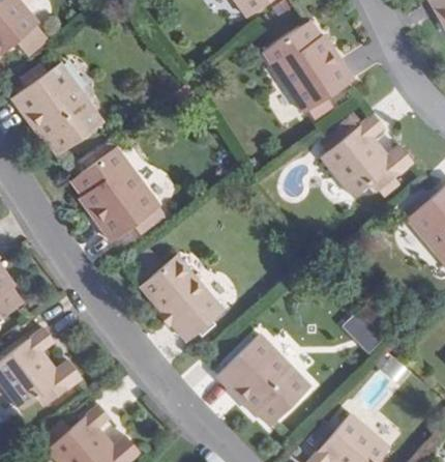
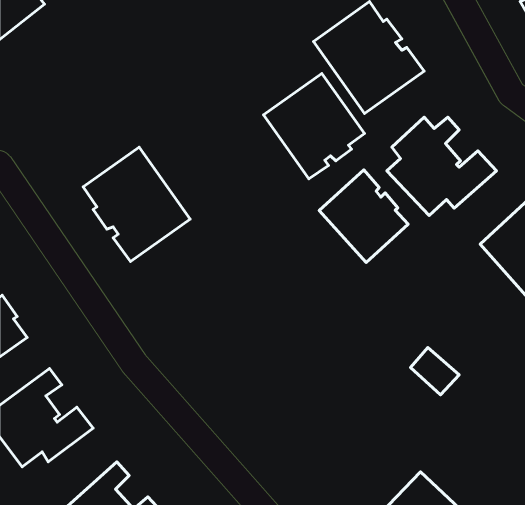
building: [13,61,105,154] -> none
building: none -> [263,73,364,179]
building: none -> [319,170,408,262]
building: [141,255,224,340] -> none
building: [217,338,313,430] -> none

